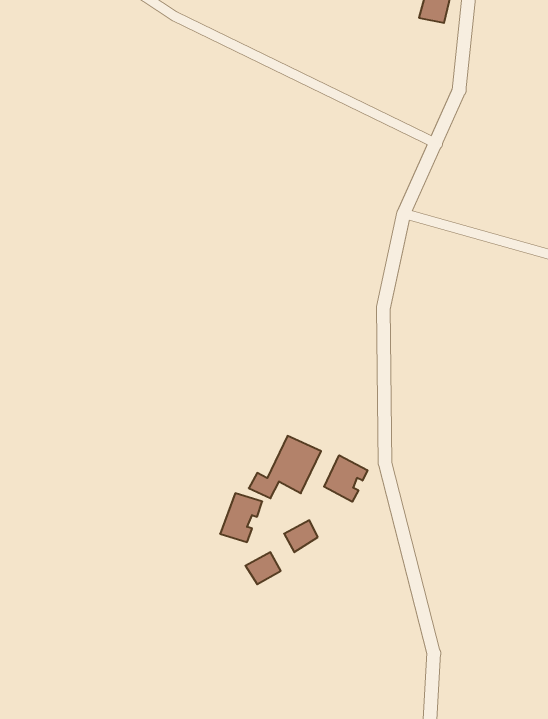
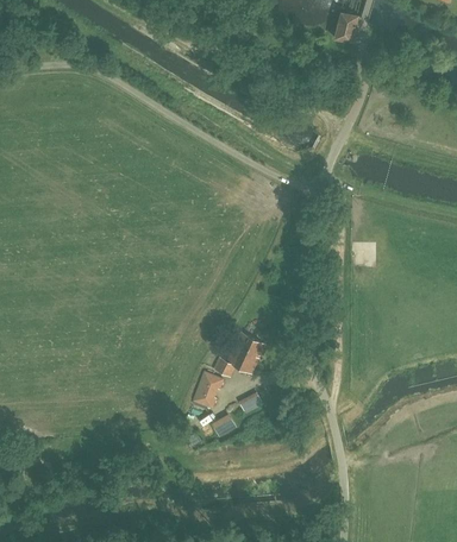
building: [324,455,367,502] -> none

